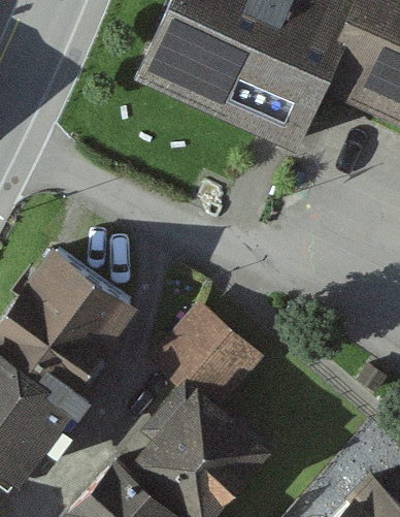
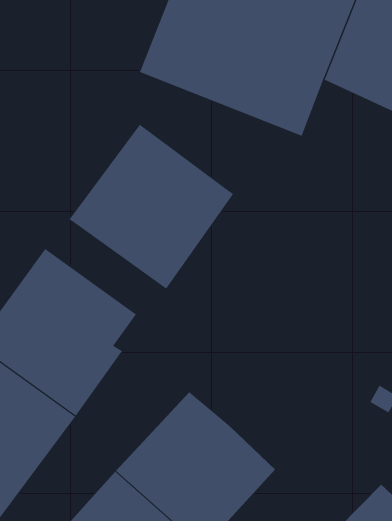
building: none -> [69,124,234,289]
building: [162,305,272,413] -> none

